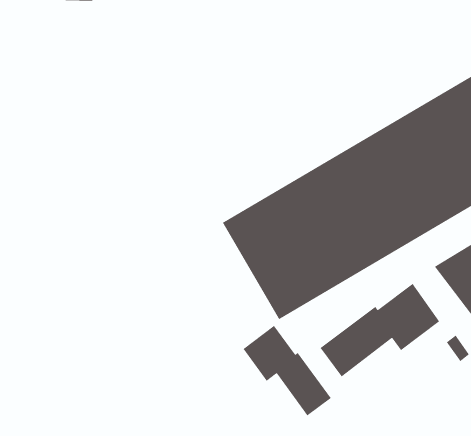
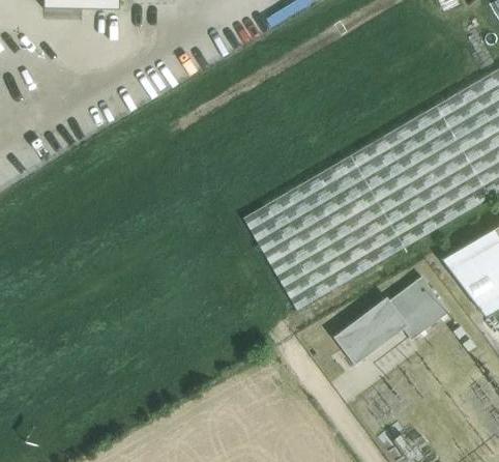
building: [243,325,332,417] -> none

